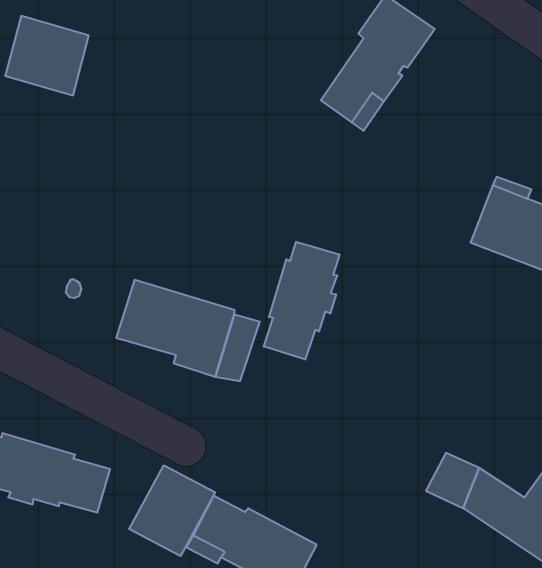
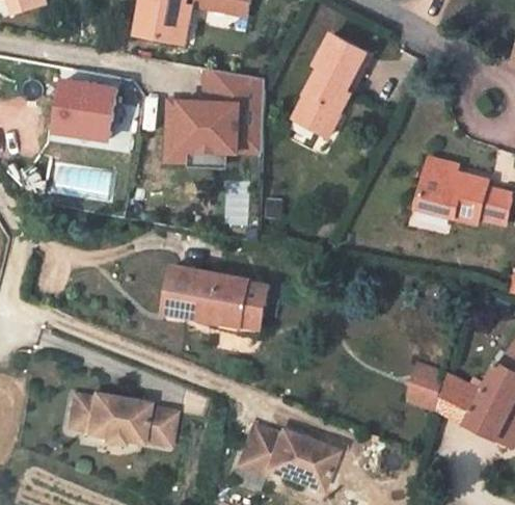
building: none -> [166,67,263,163]
building: [264,242,339,360] -> none
building: [129,465,215,556] -> none

